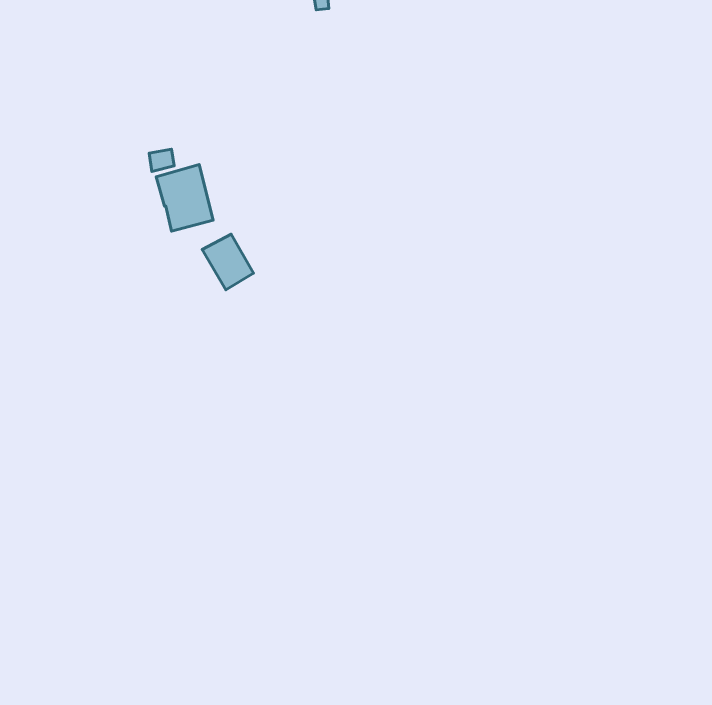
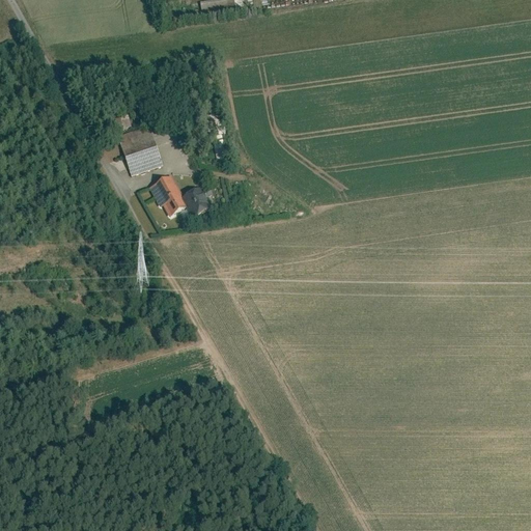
building: none -> [187,186,215,217]

